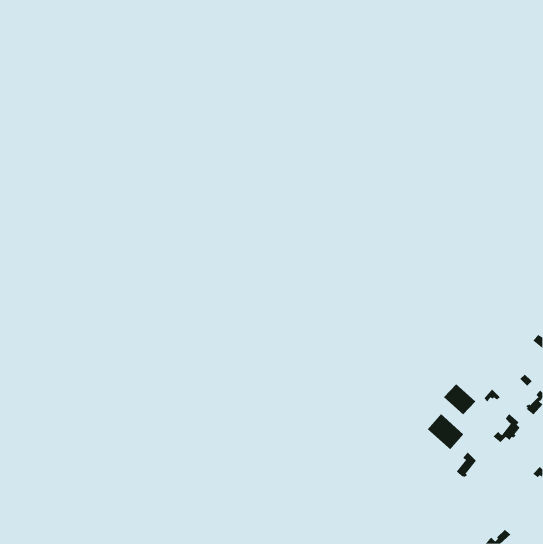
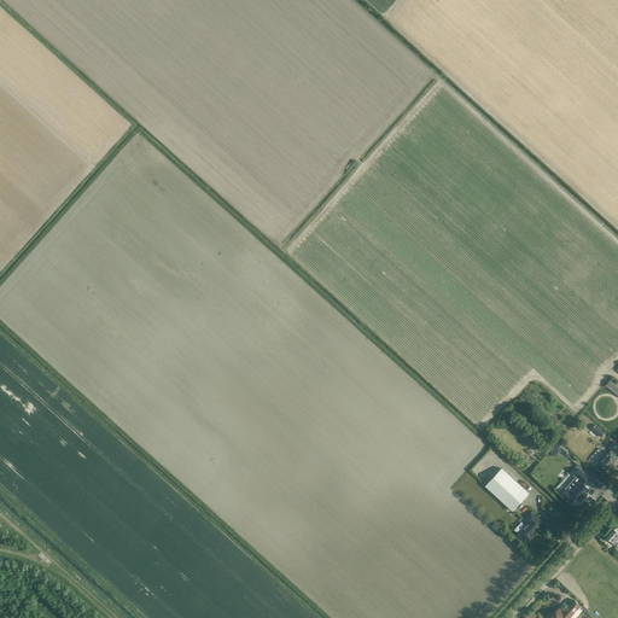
building: [443,383,476,415] -> none

